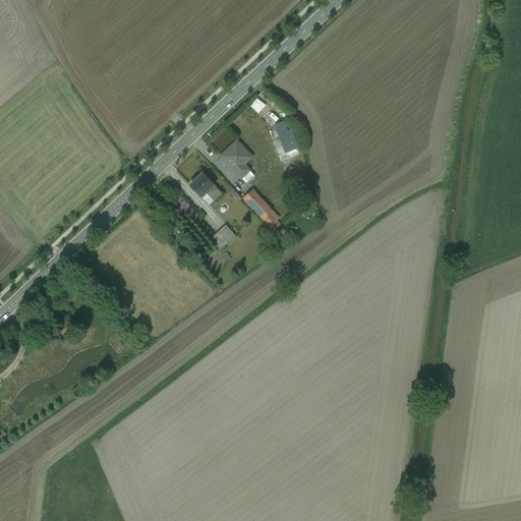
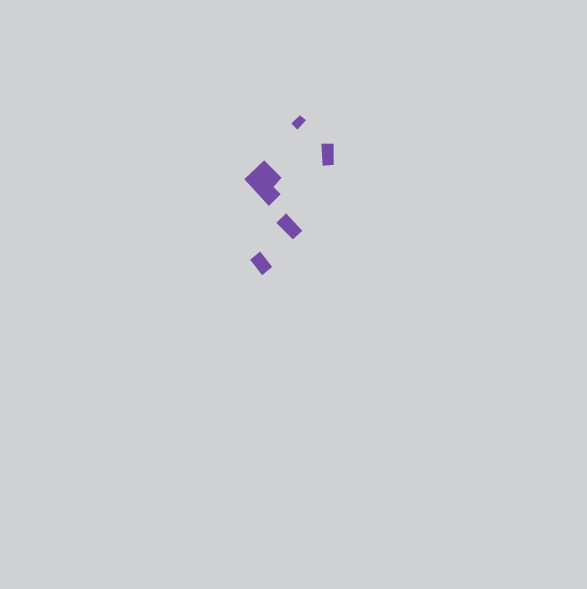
building: [185,174,218,202] -> none

